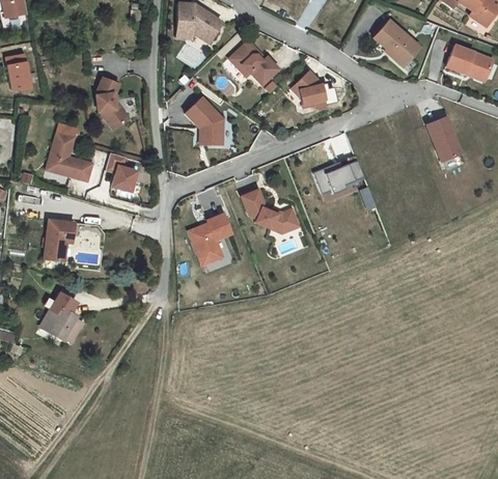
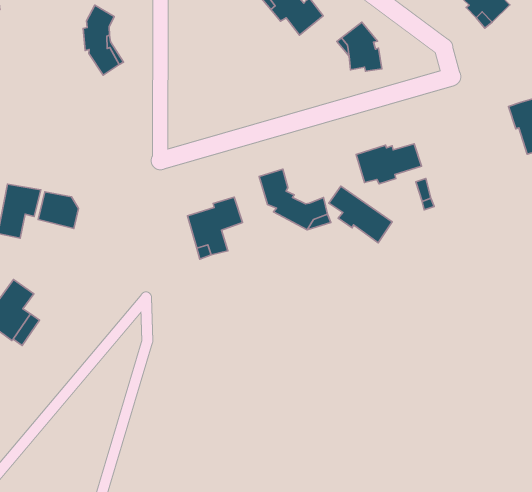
building: [186,97,223,144] -> none
building: [47,132,92,180] -> none
building: [106,152,137,191] -> none
building: none -> [329,186,392,243]

